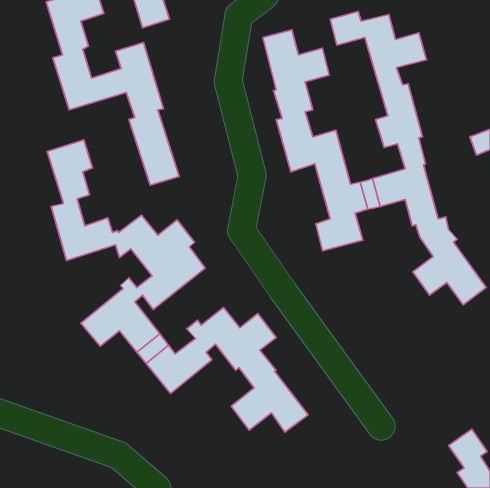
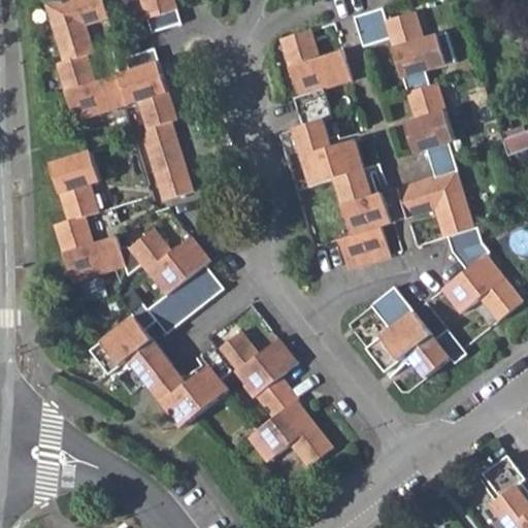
building: none -> [367,286,467,377]

